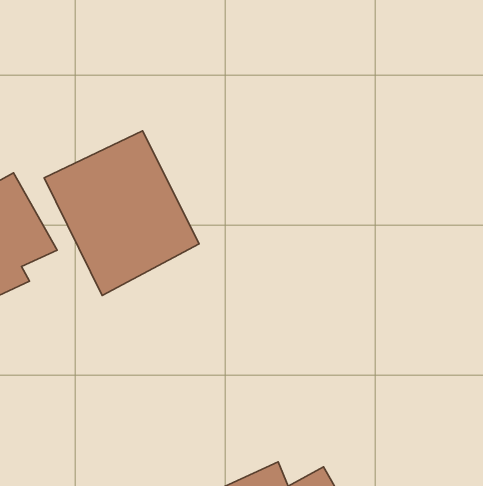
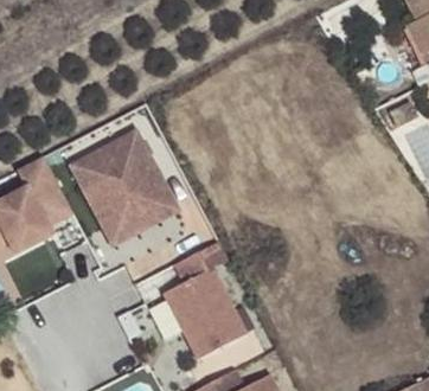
building: none -> [162,236,249,361]

